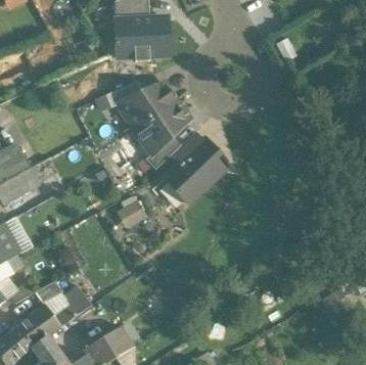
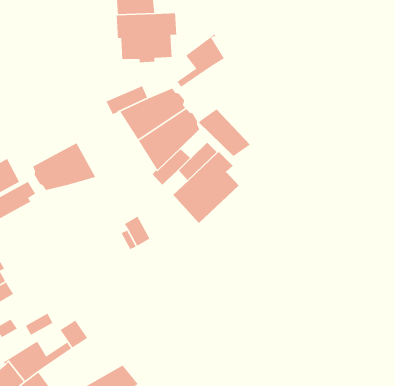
building: none -> [176,33,225,88]
building: none -> [198,108,251,157]
building: none -> [32,142,96,191]

